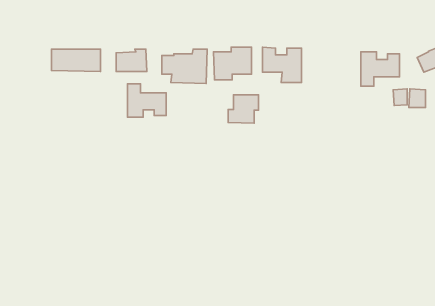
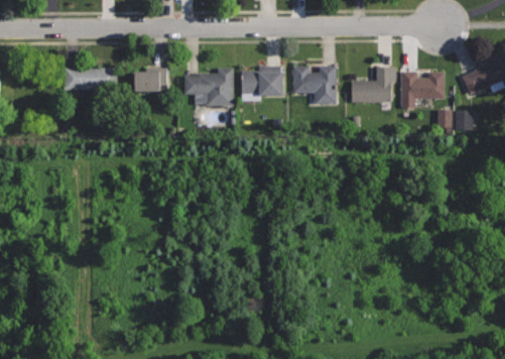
building: none -> [351,65,396,103]
building: [127,84,166,117] -> none
building: [228,95,258,123] -> none

